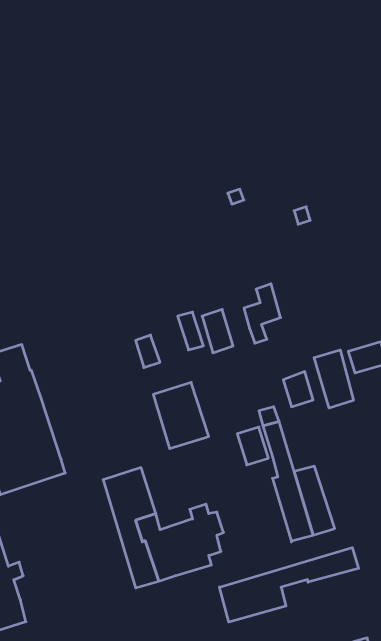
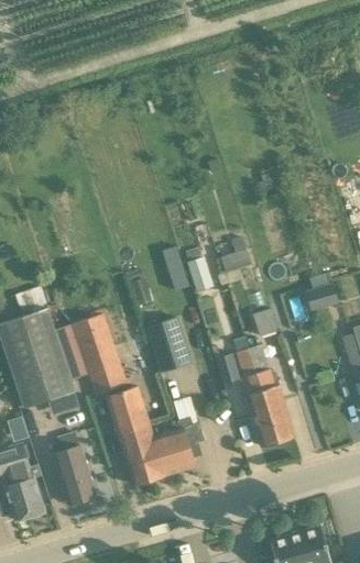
building: [314,350,353,408] -> none
building: none -> [56,312,128,395]
building: none -> [54,432,96,504]
building: [219,548,359,622] -> none

